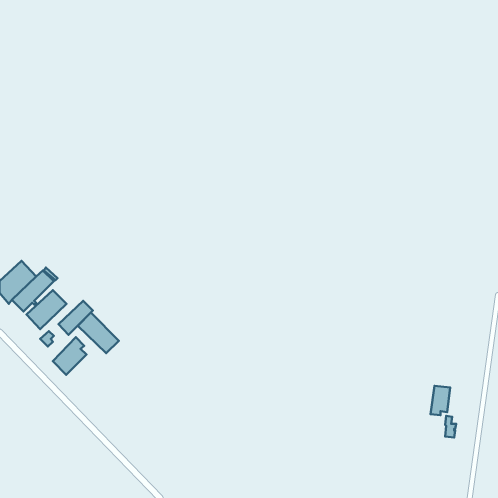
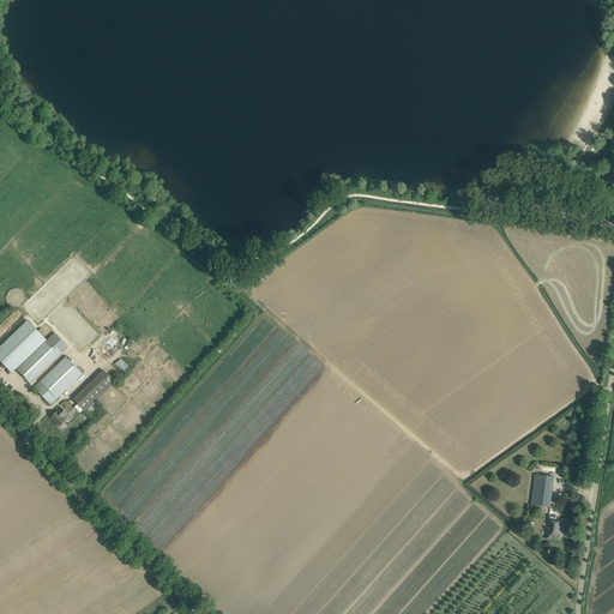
building: [78,313,119,353] -> none
building: [53,337,87,375] -> none

